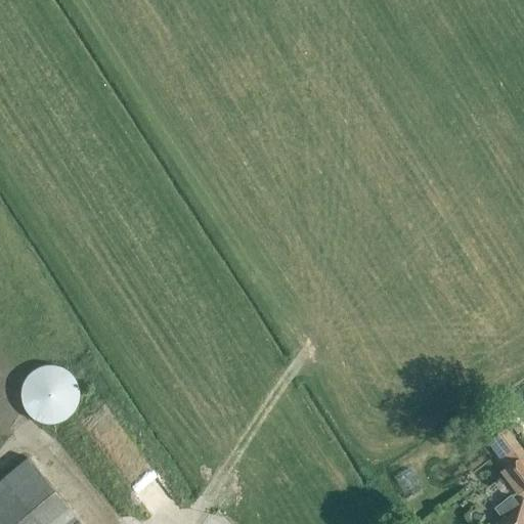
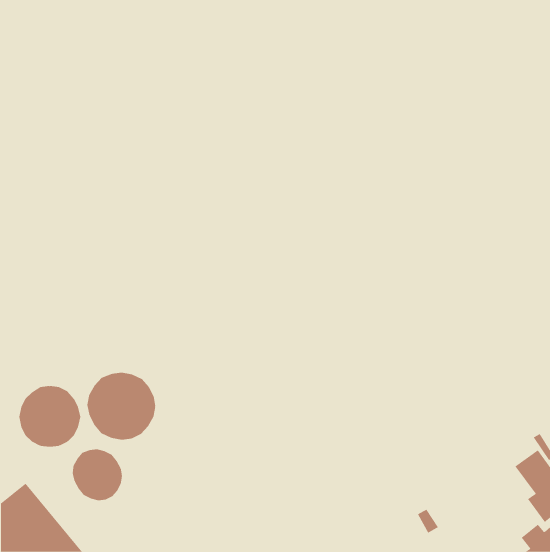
building: none -> [87,372,156,440]
building: none -> [72,449,122,501]

